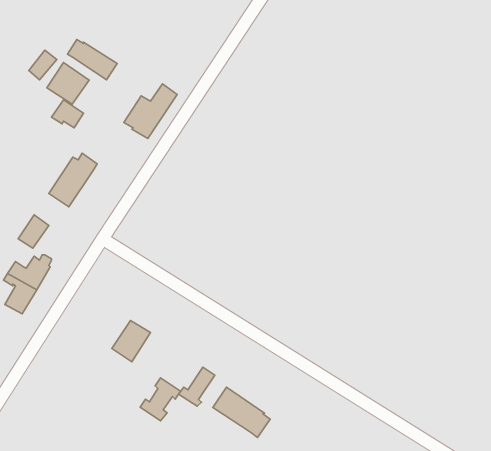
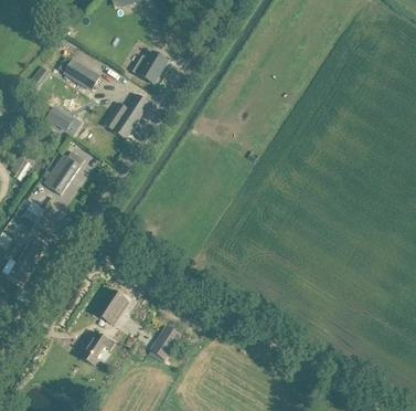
building: none -> [132,51,168,83]
building: [47,62,89,104] -> none
building: [140,378,180,421] -> [78,330,111,366]
building: [213,387,270,437] -> none

